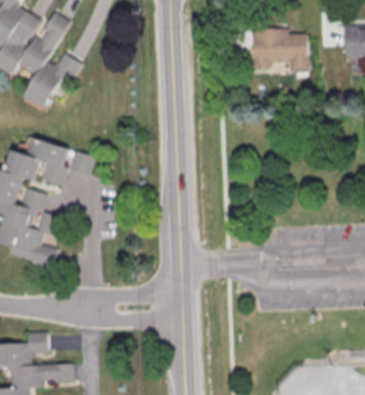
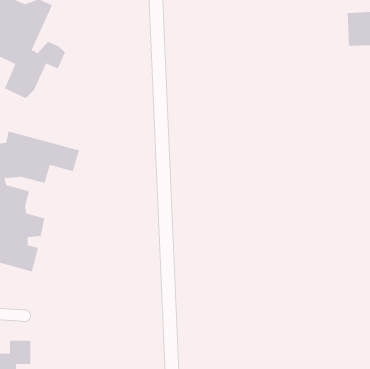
building: [251,28,308,77] -> none

